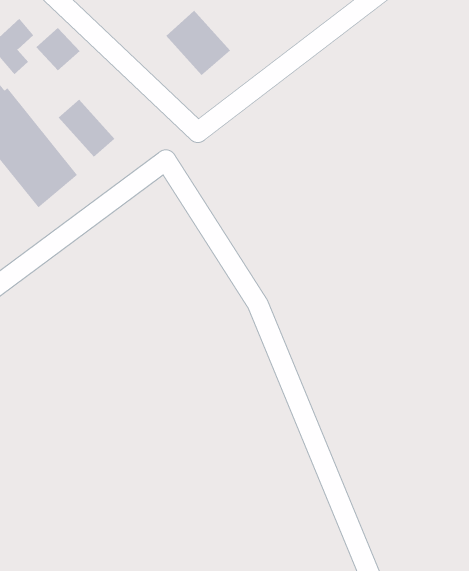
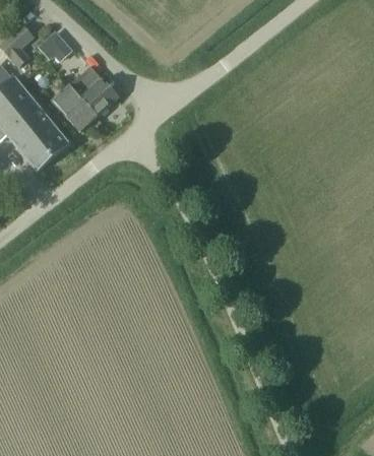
building: [165,9,231,76] -> [68,65,118,116]

